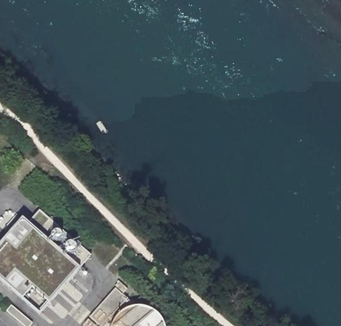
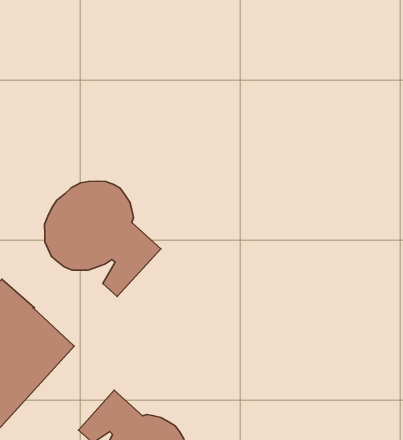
building: none -> [45,181,161,297]

